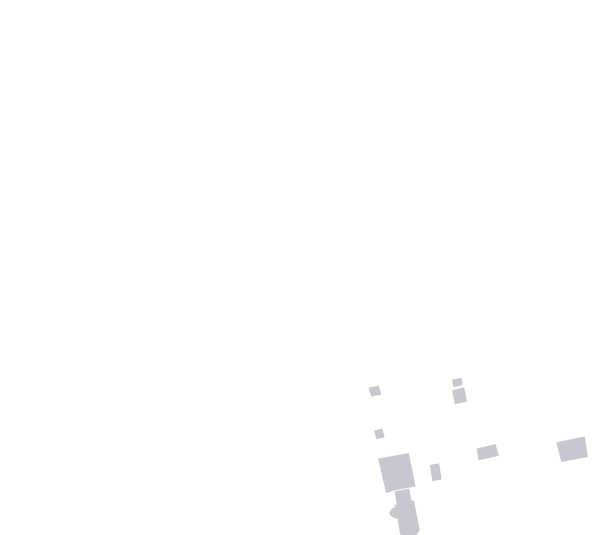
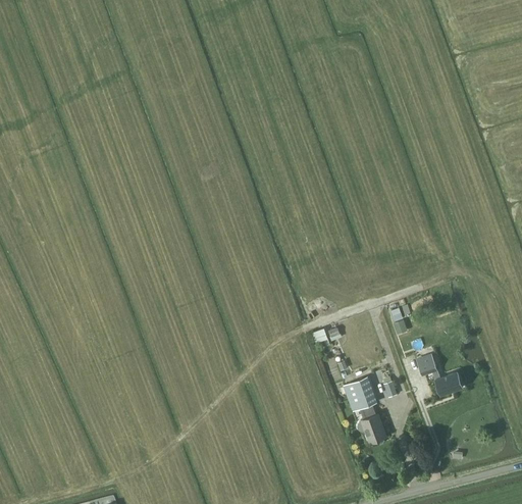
building: [556,436,589,462] -> [434,371,462,395]

